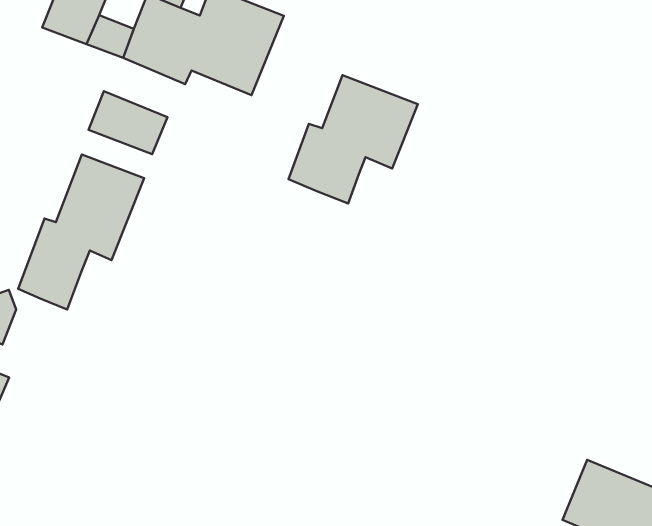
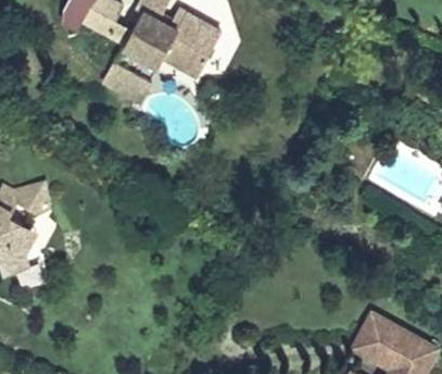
building: [289,75,418,203] -> none
building: [18,155,144,309] -> none

